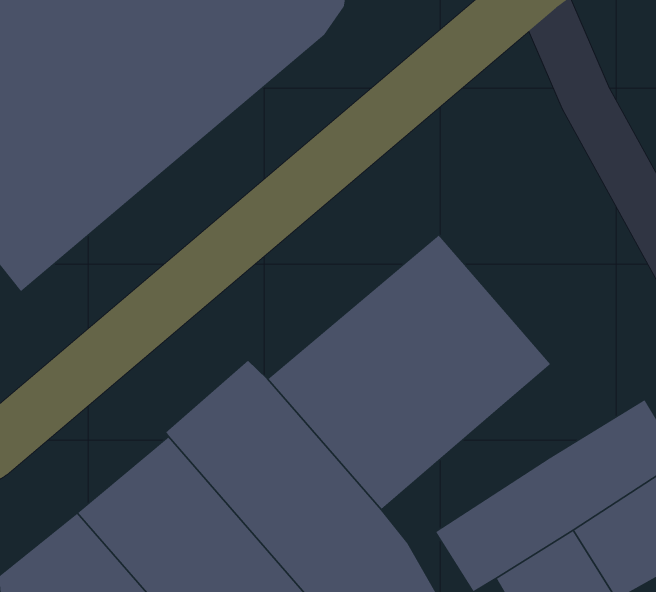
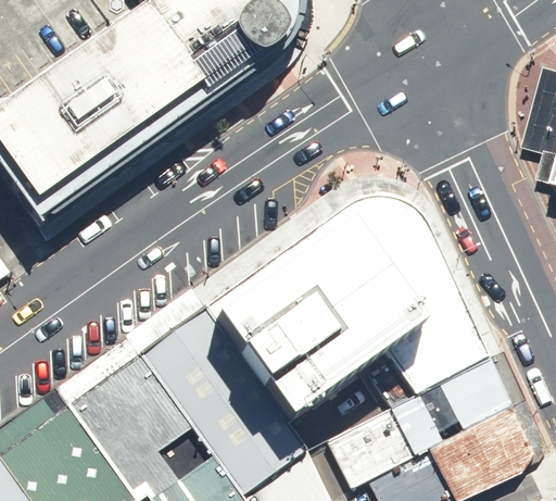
building: none -> [199,193,486,394]

